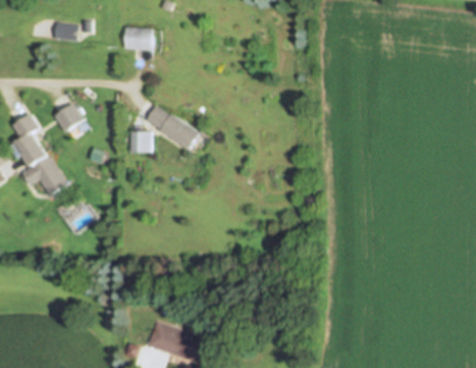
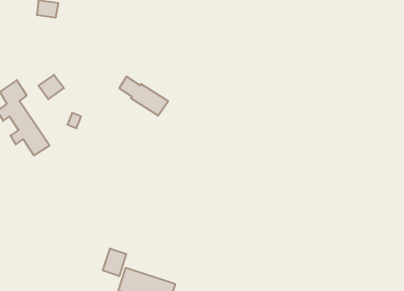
building: [123,25,151,49] -> none
building: [129,130,149,153] -> none
building: none -> [103,248,126,276]

